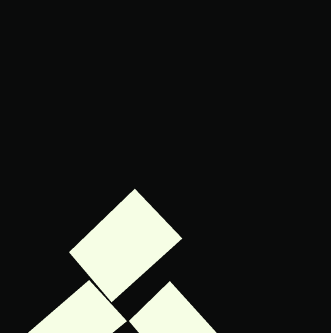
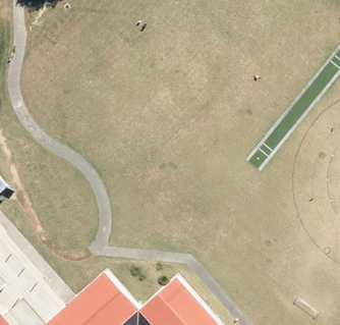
building: [68,188,183,303] -> none

